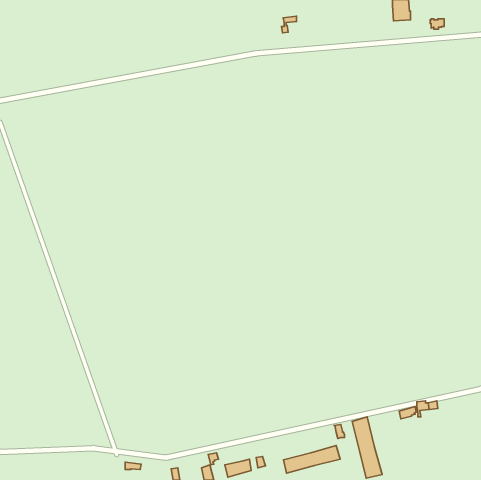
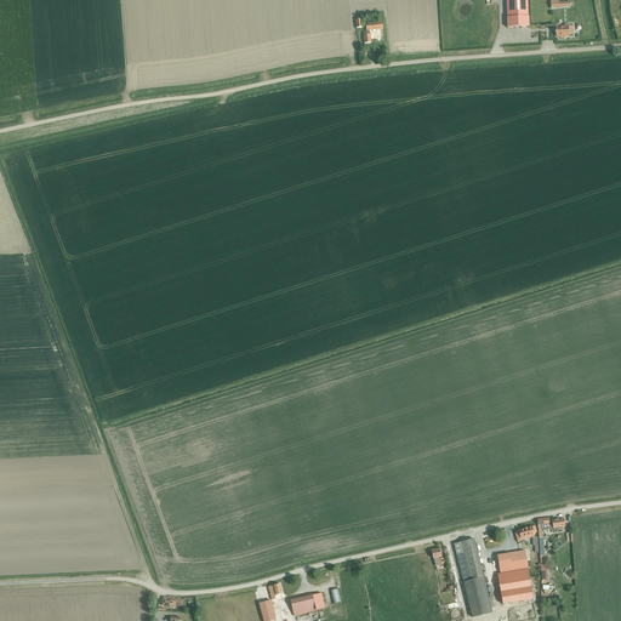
building: none -> [497,549,534,603]
building: [284,446,340,473] -> none

